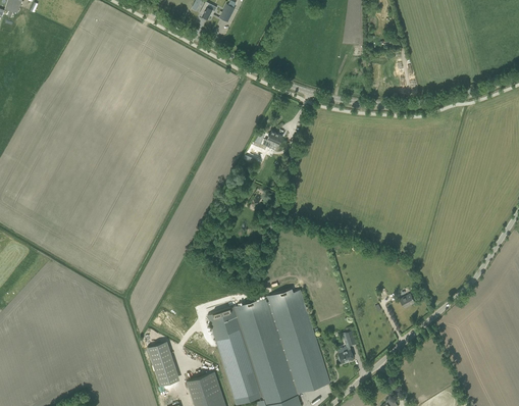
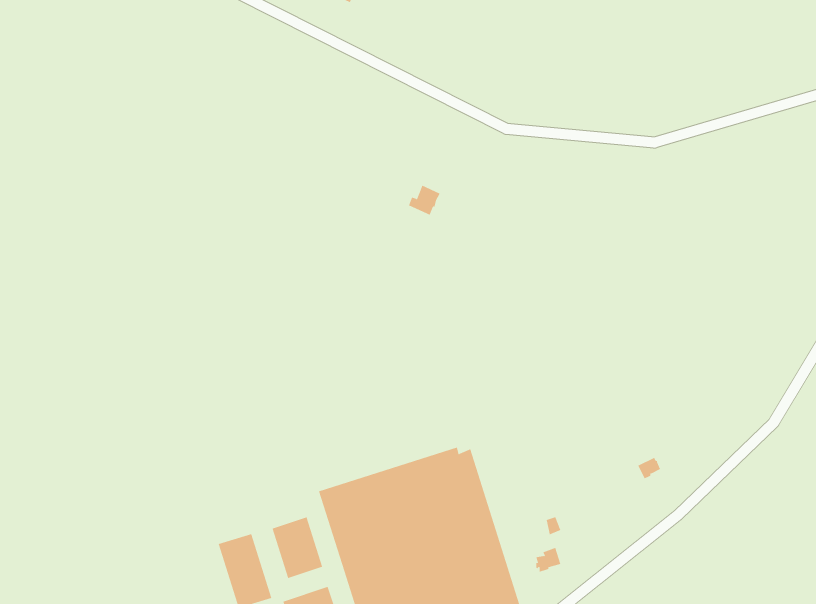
building: none -> [272,517,323,579]

